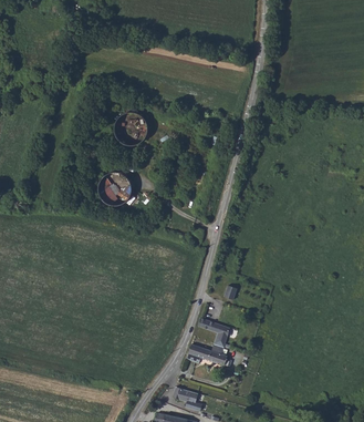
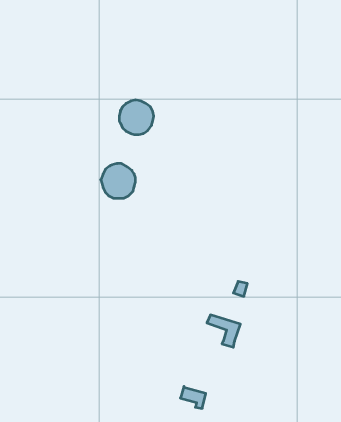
building: [187,343,228,363] -> none

